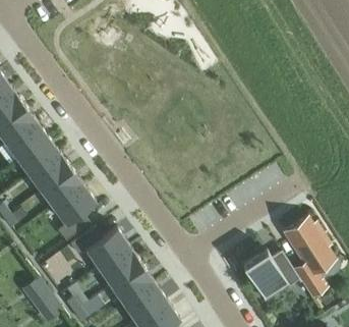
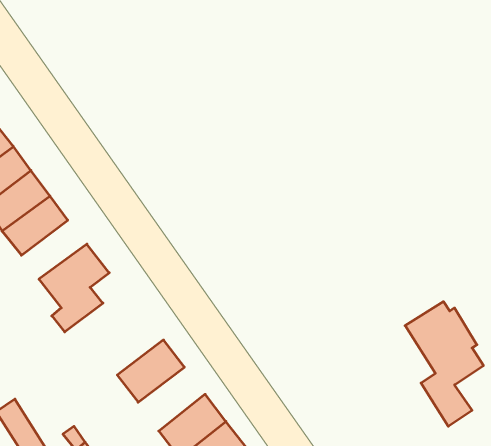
building: [40,166,81,204] -> none
building: [72,222,130,265] -> none
building: [243,250,301,301] -> none
building: [114,260,157,301] -> none

